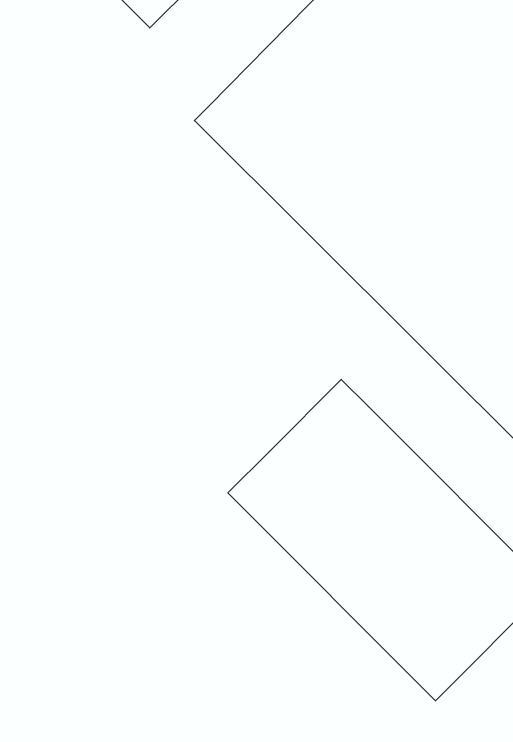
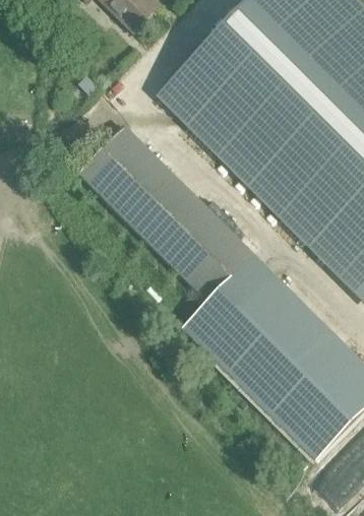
building: none -> [77,124,253,300]

